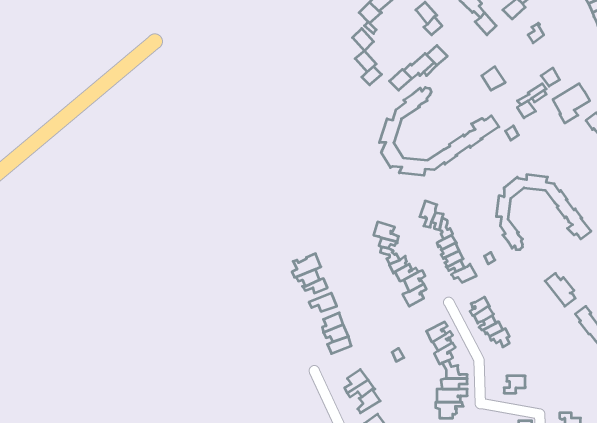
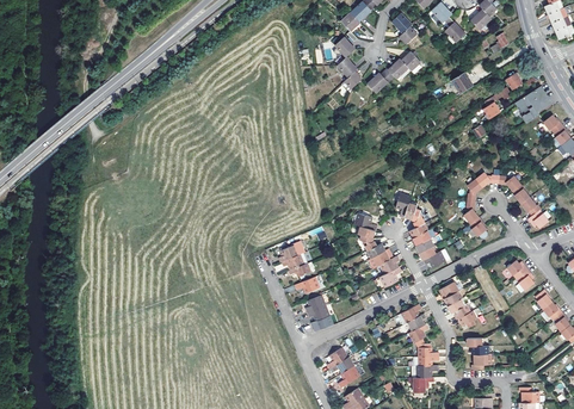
building: [379,87,499,175] -> none

